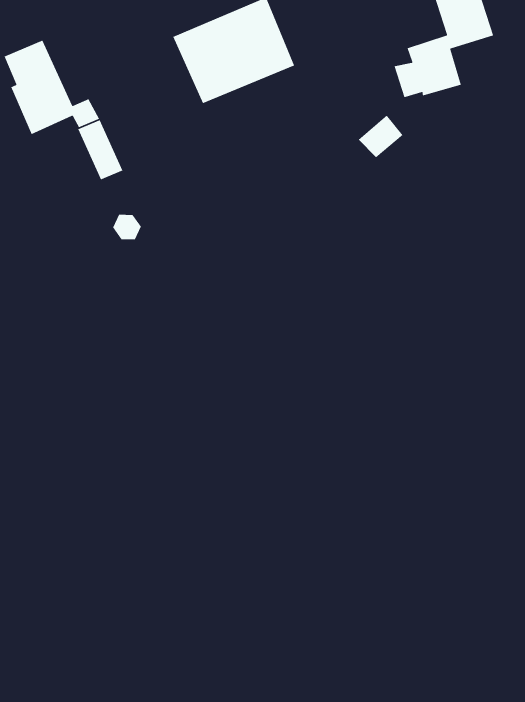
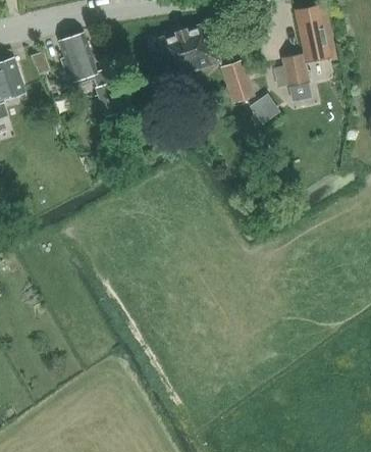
building: none -> [221,58,254,102]

